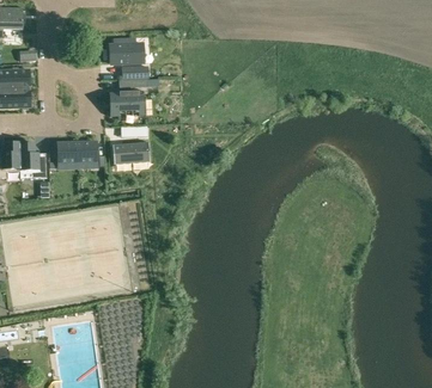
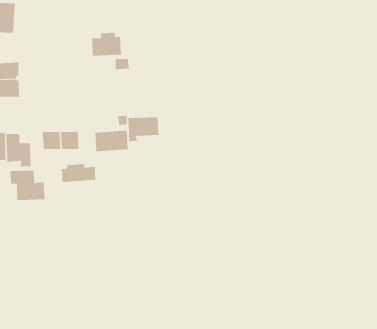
building: [109,90,142,116] -> [128,117,159,142]
building: none -> [61,163,96,183]
building: none -> [10,170,45,201]

